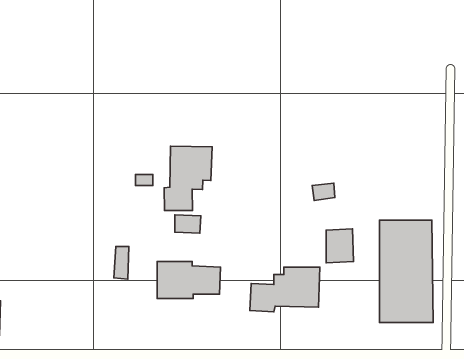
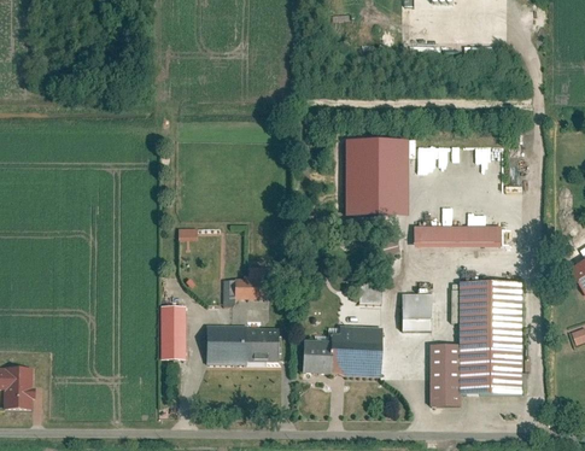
building: none -> [347,140,416,213]
building: [164,146,212,211] -> none
building: none -> [419,225,508,248]
building: none -> [425,342,454,402]

